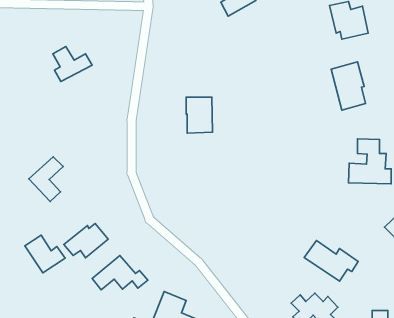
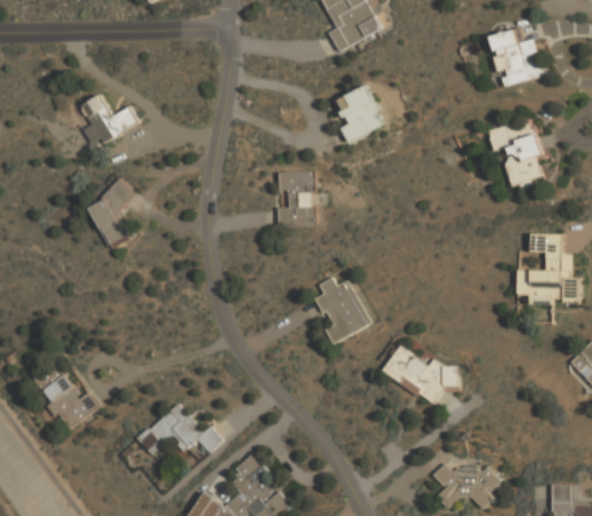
building: none -> [335,85,384,141]
building: [29,157,63,202] -> [83,180,134,247]
building: none -> [315,277,370,342]
building: [64,224,108,258] -> none
building: [304,240,358,281] -> [381,344,460,405]

